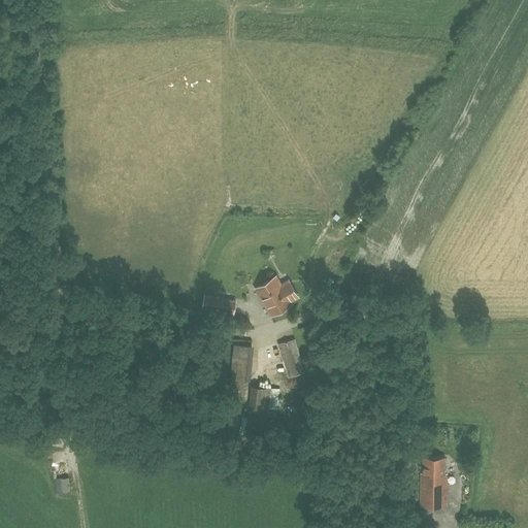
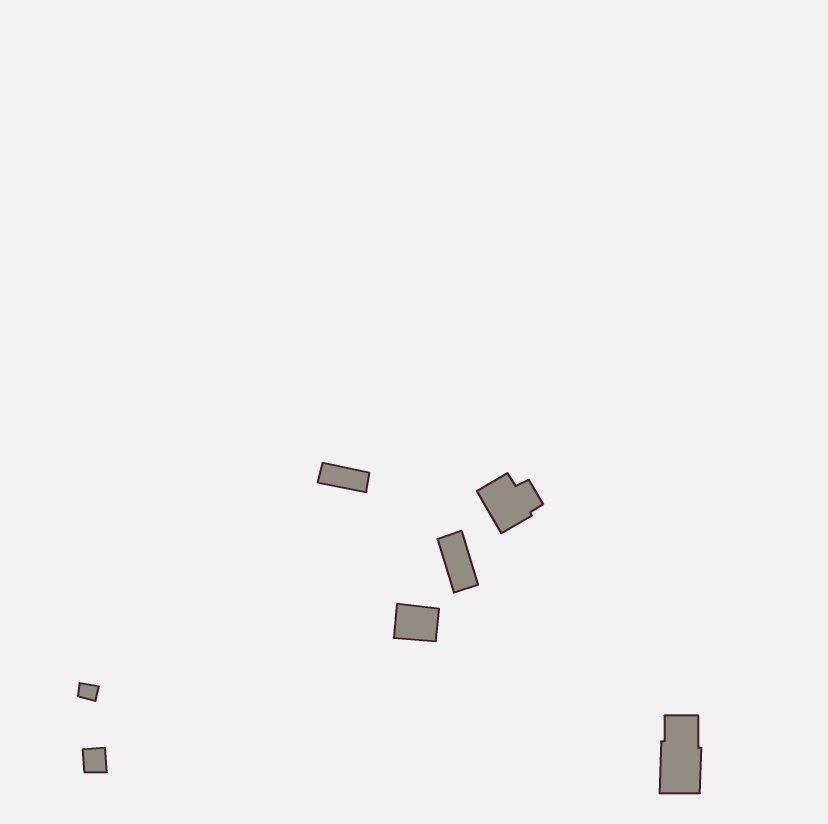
building: [256,278,298,317] -> [477,473,543,533]
building: [231,345,252,383] -> none

